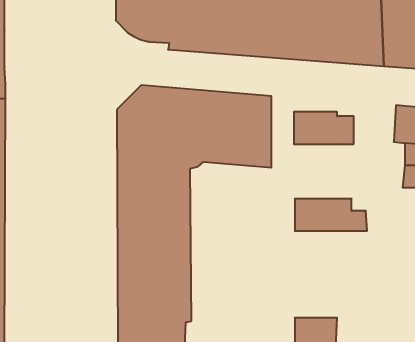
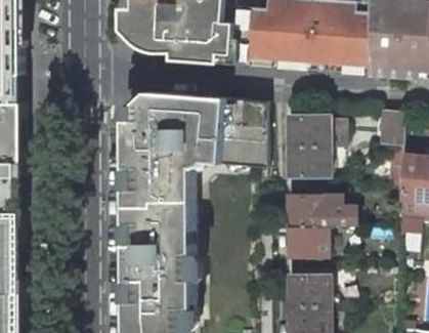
building: none -> [286,145,327,175]
building: none -> [287,225,327,255]
building: none -> [287,276,326,305]

